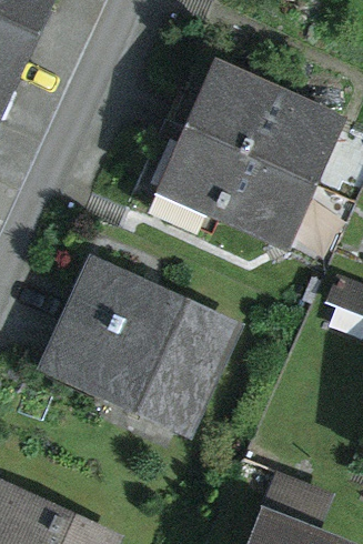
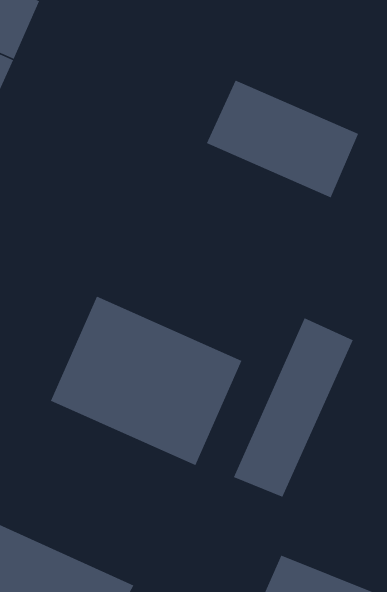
building: [168,135,306,244] -> none
building: none -> [233,317,354,498]

